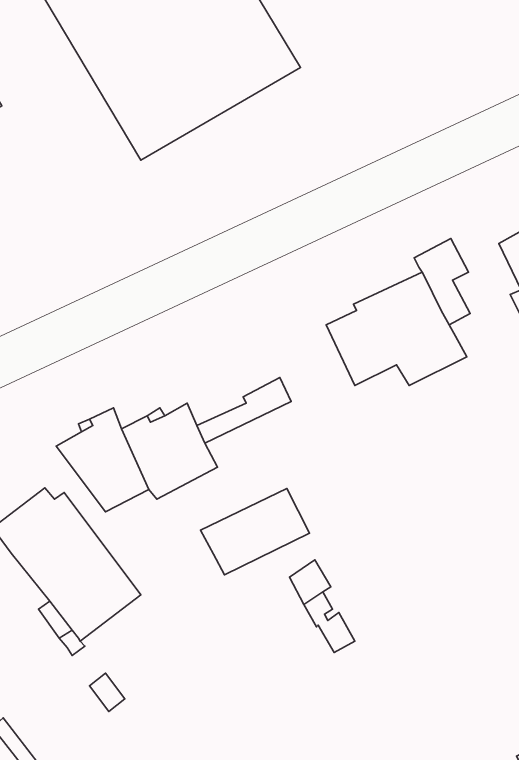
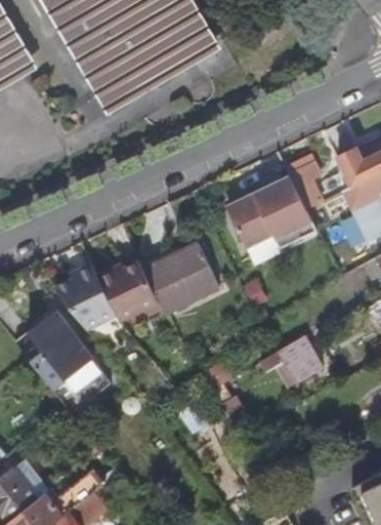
building: [201,489,309,575] -> [151,258,220,314]
building: none -> [263,334,322,385]

